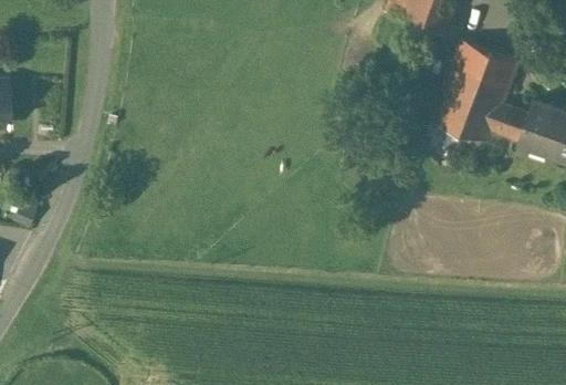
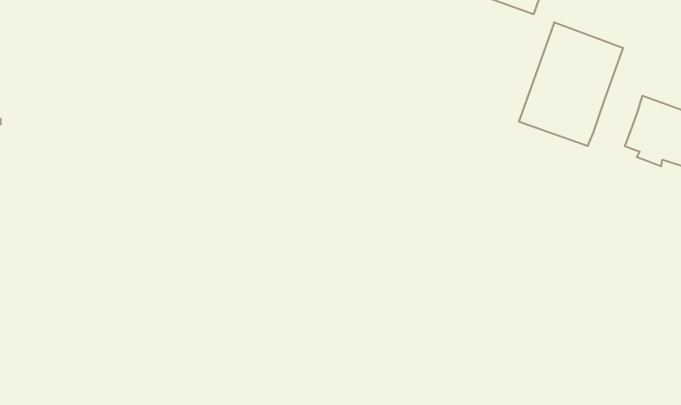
building: [492,106,527,141] -> none

